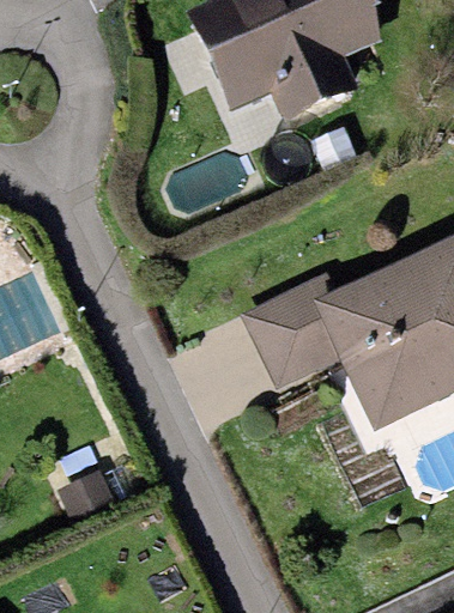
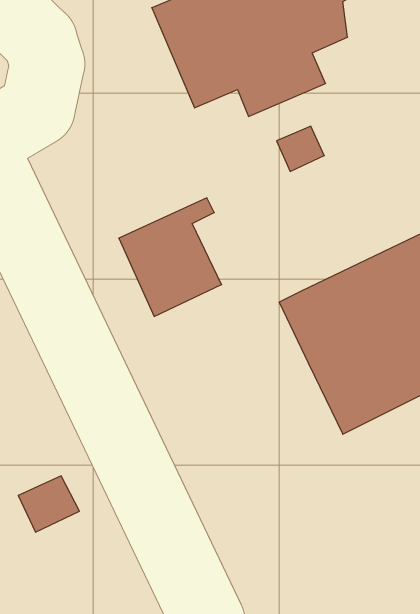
building: [240,274,340,390] -> [119,198,222,316]

